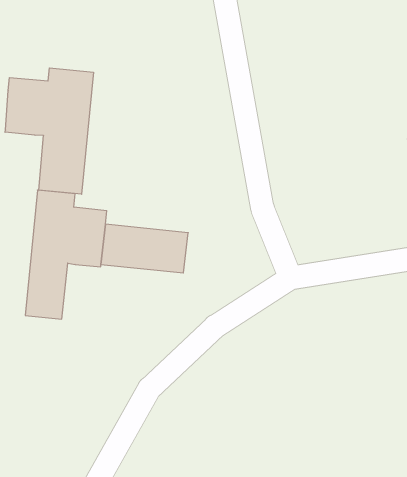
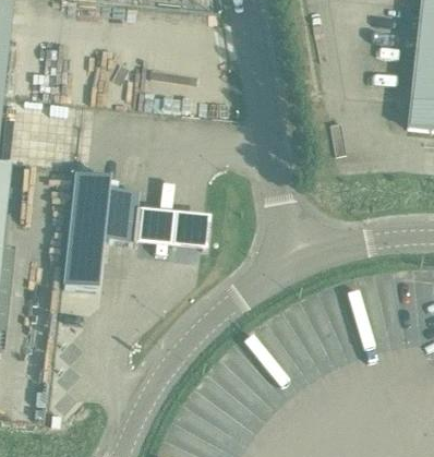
building: [5,68,93,194] -> none

